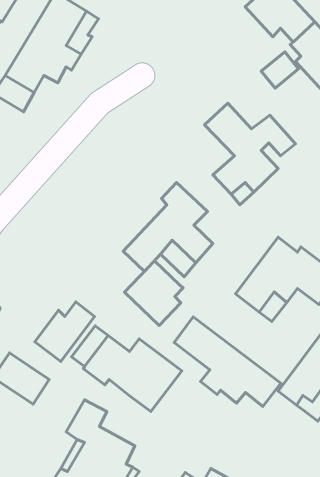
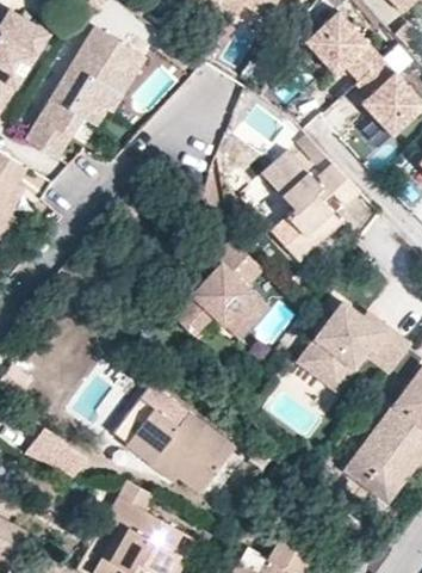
building: [125,261,183,326] -> none
building: [35,302,95,361] -> none
building: [174,317,281,406] -> none

